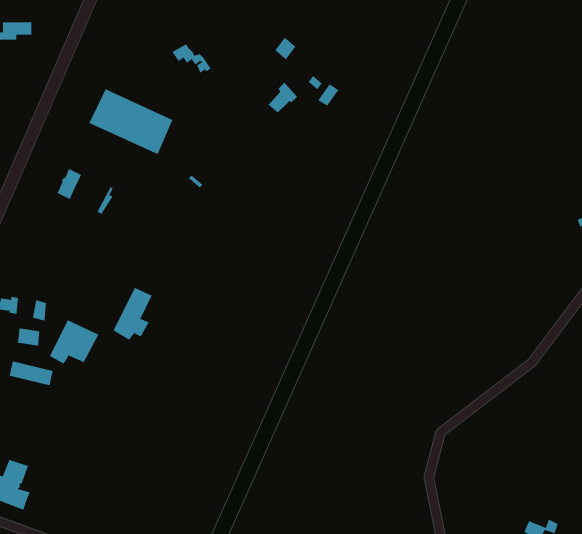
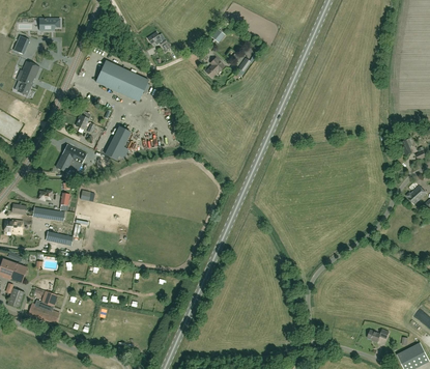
building: [113,287,153,340] -> [106,126,131,160]
building: [49,320,99,364] -> [56,144,87,172]

